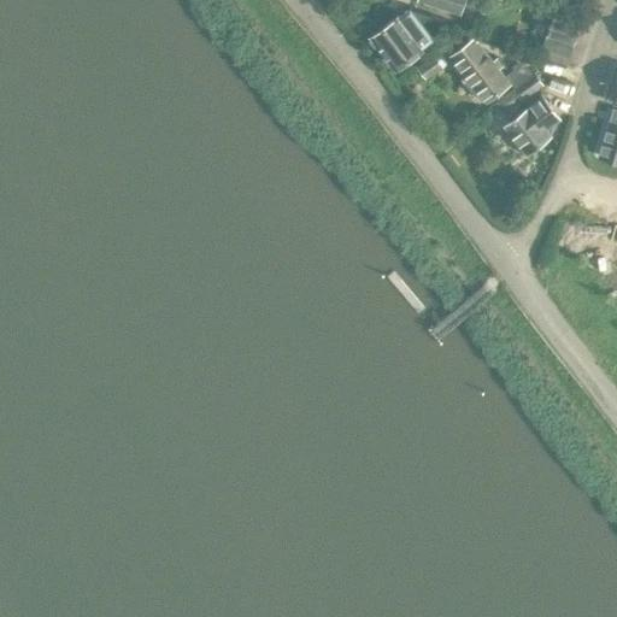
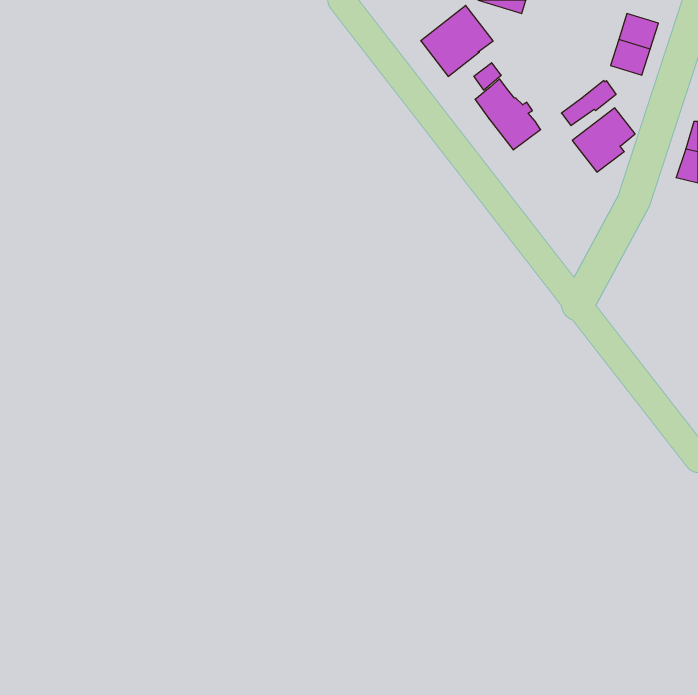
building: [452,40,510,102] -> [475,79,541,150]

